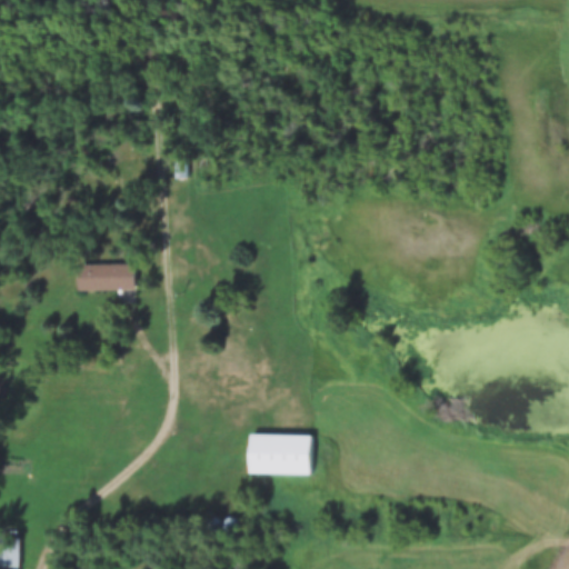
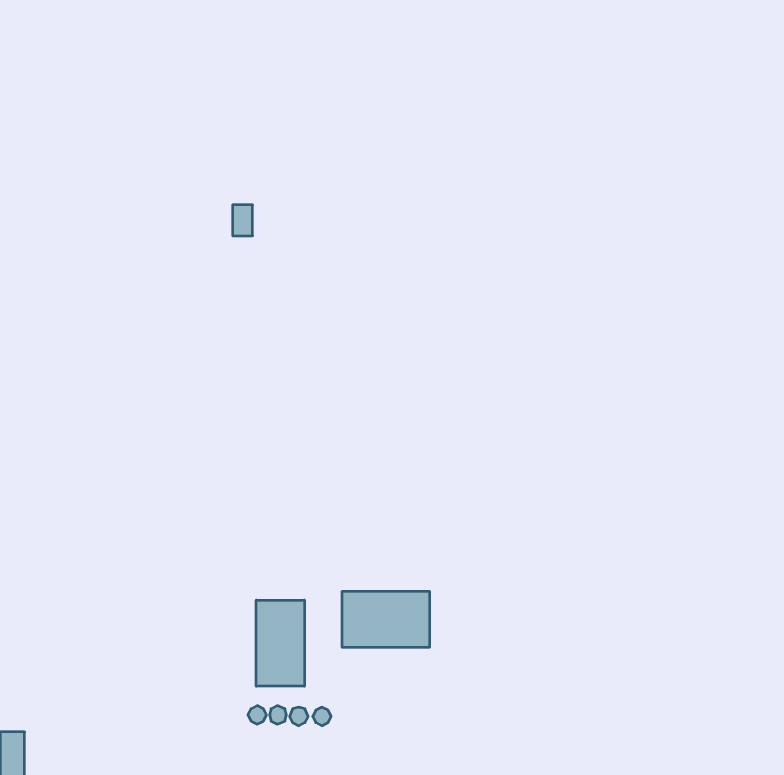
building: [77,263,133,291] -> none
building: none -> [256,600,304,686]

